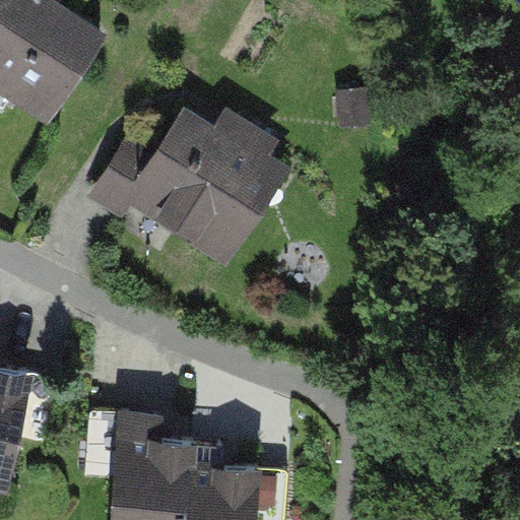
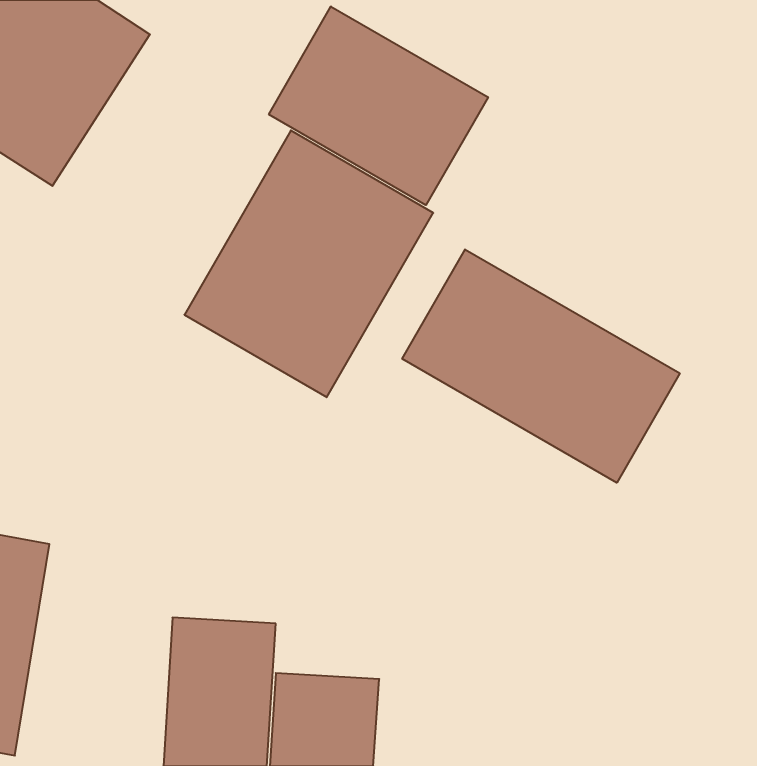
building: none -> [269,6,488,205]
building: none -> [402,249,680,483]

